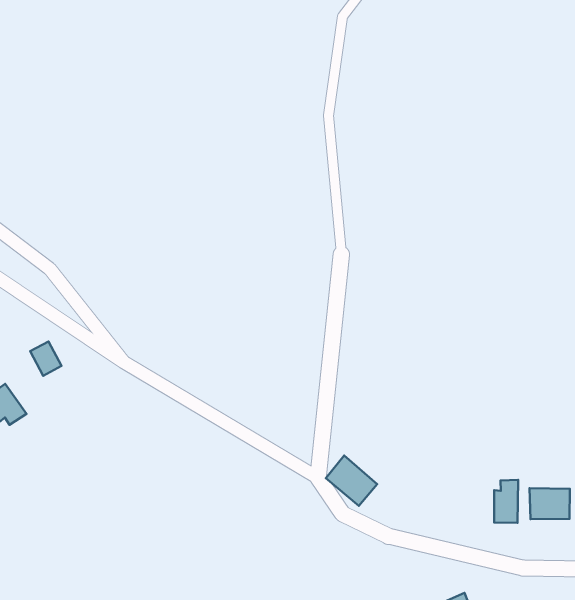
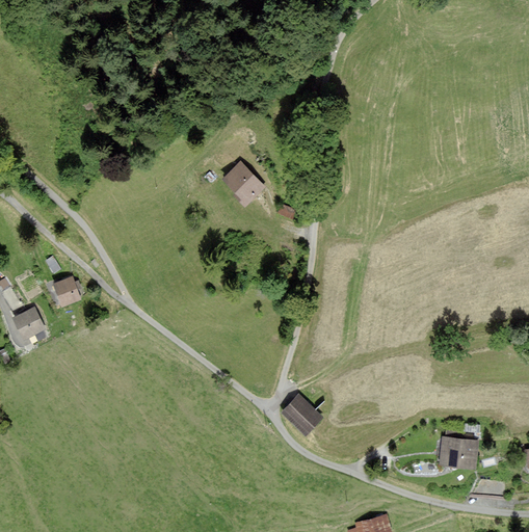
building: none -> [224,162,264,202]
building: [494,480,518,523] -> none

